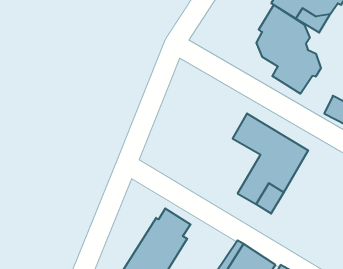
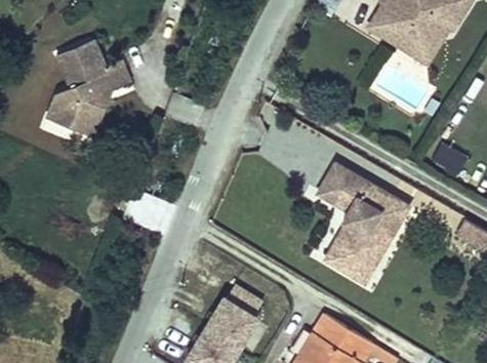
building: [256,5,321,94] -> none
building: none -> [47,39,134,137]

